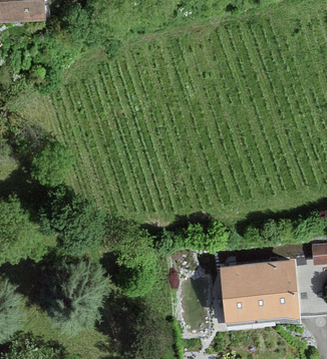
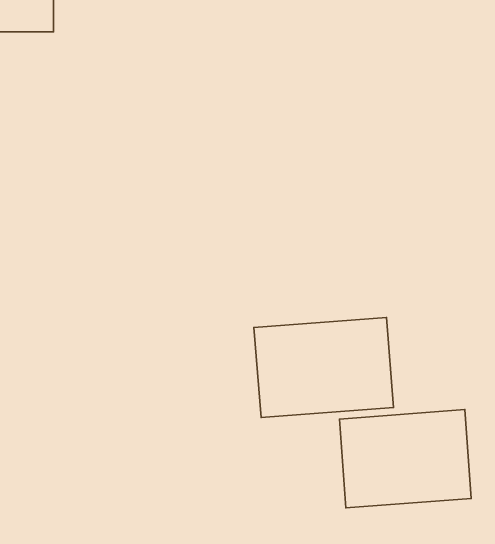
building: none -> [254,318,394,418]

